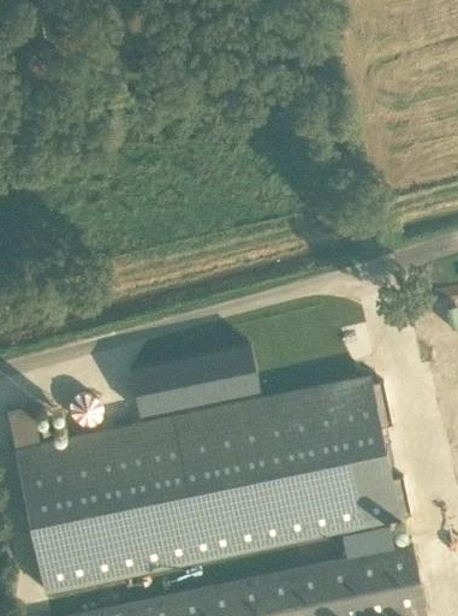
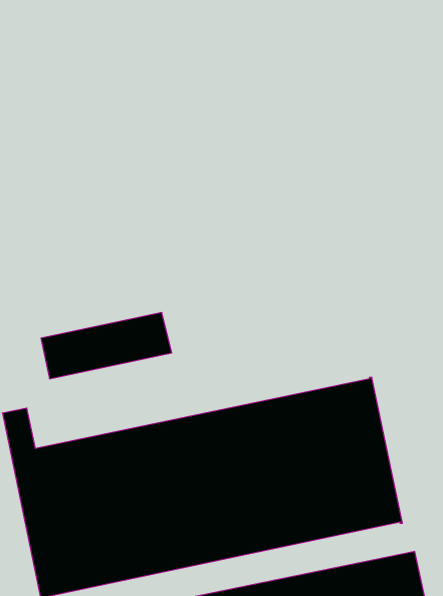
building: [141,353,269,417] -> [41,313,172,379]
building: [343,526,394,556] -> none

